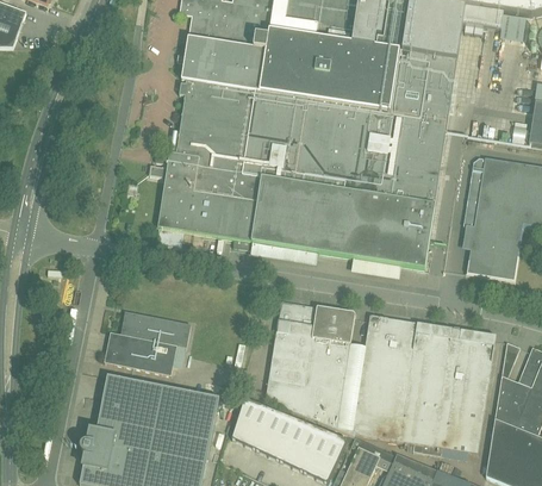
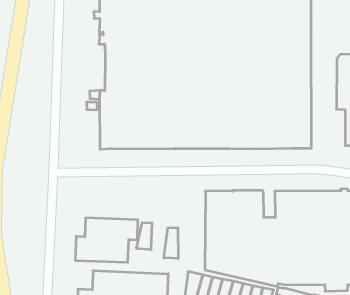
building: none -> [137,223,152,250]
building: none -> [164,228,178,259]

